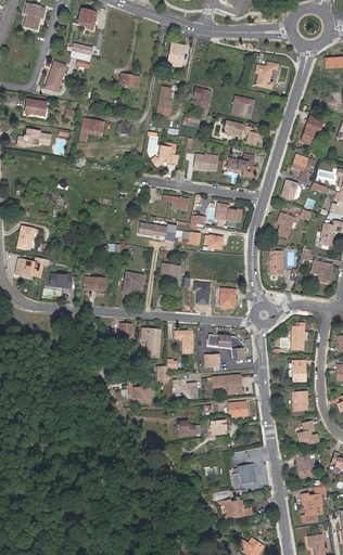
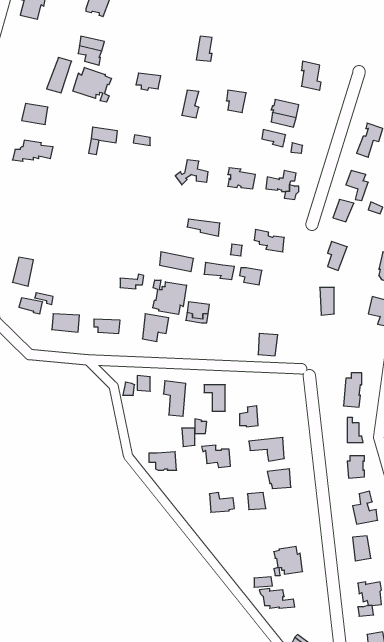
building: none -> [73,67,111,102]
building: none -> [153,280,186,314]
building: [208,333,243,359] -> none

